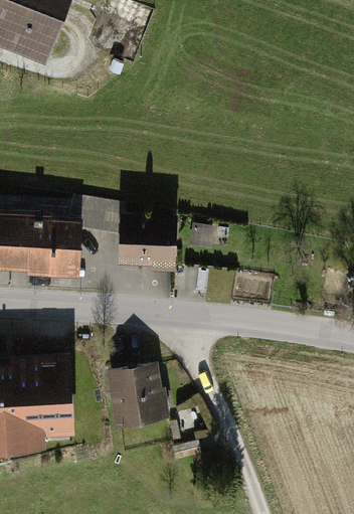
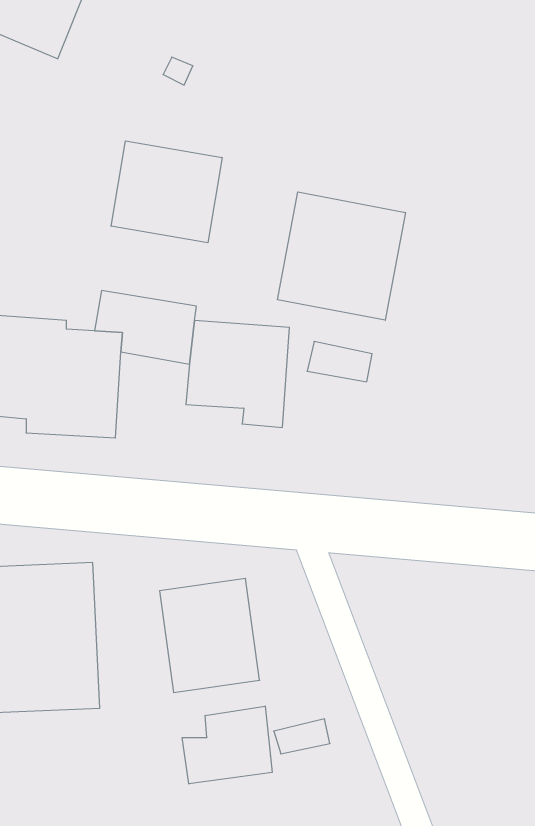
building: none -> [111,141,222,243]
building: none -> [278,192,405,320]
building: none -> [182,706,272,784]

